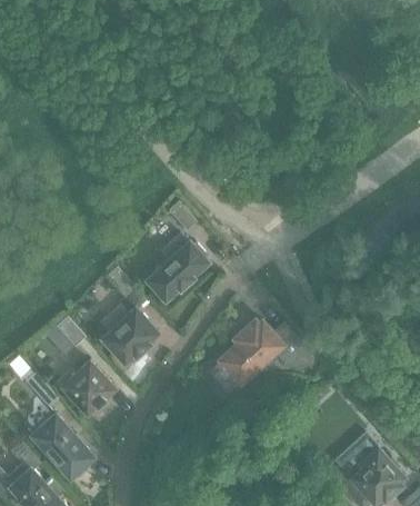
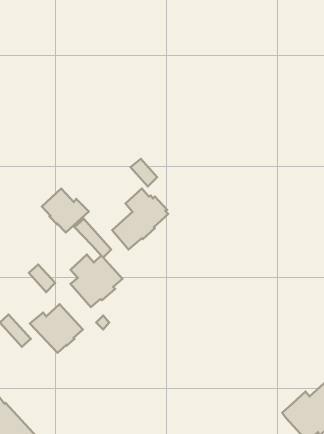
building: none -> [42,188,89,233]
building: [210,319,302,390] -> none
building: [31,414,93,478] -> none

